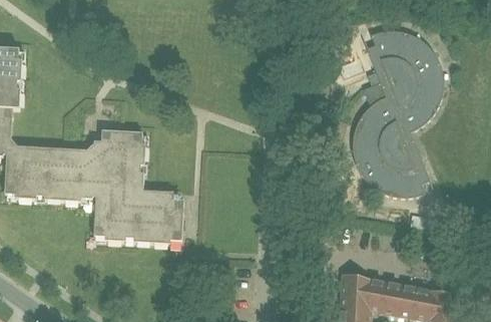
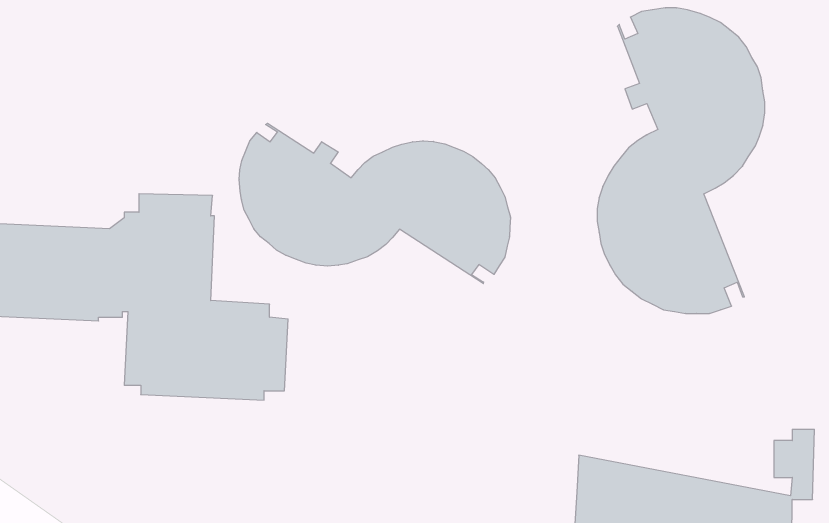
building: none -> [239,123,510,284]

